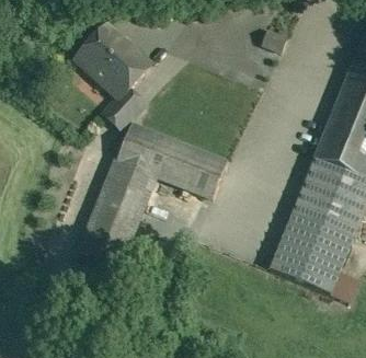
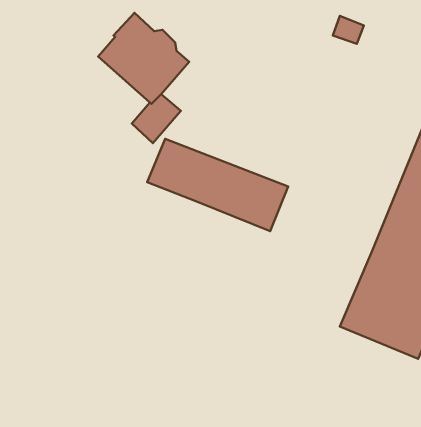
building: [79,157,156,266] -> none

